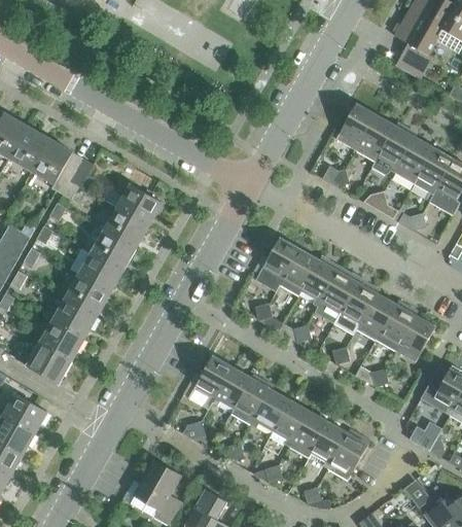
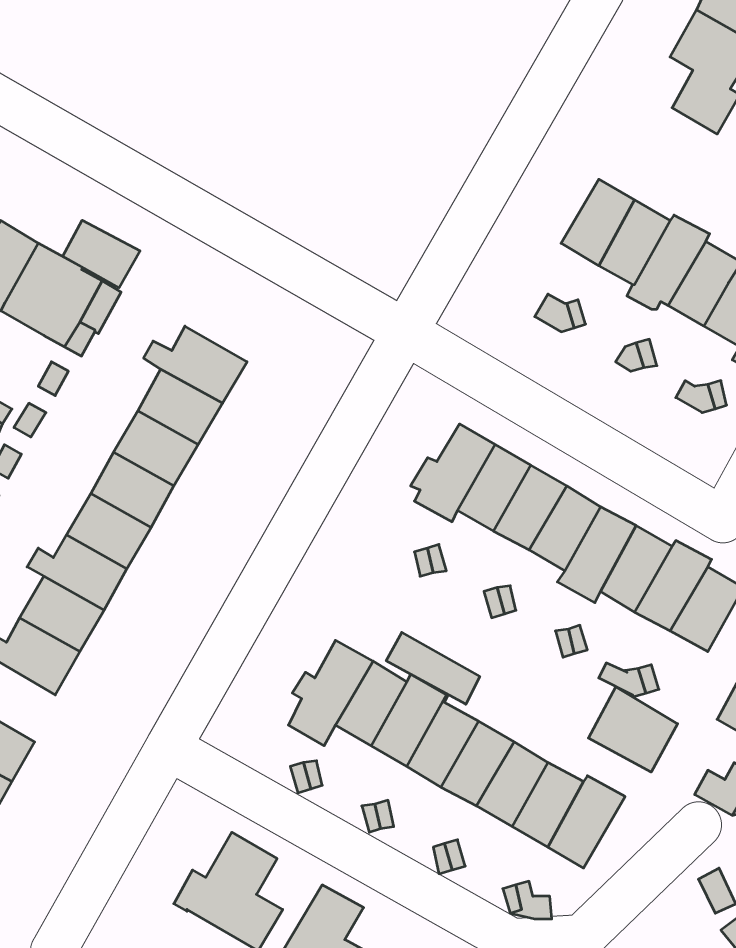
building: none -> [63,220,140,288]
building: none -> [386,632,480,704]
building: none -> [588,687,678,772]

